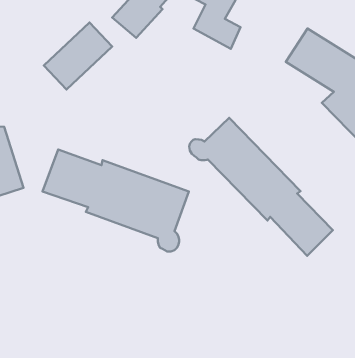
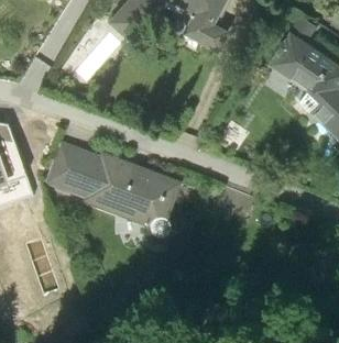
building: [189,118,333,256] -> none

